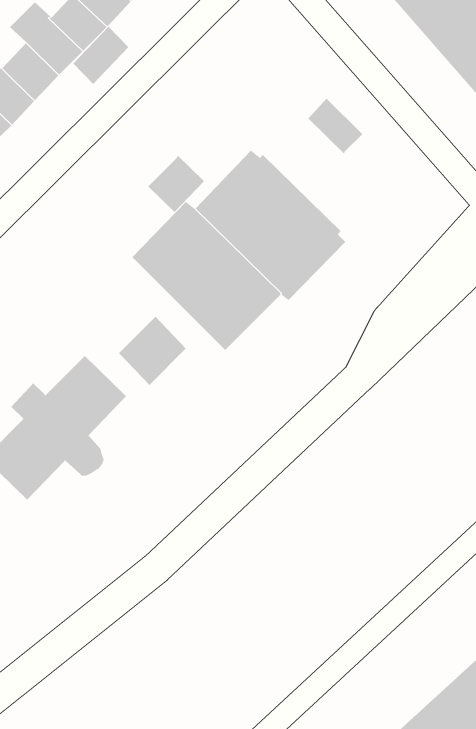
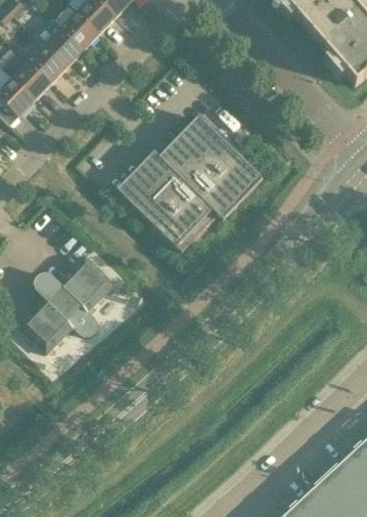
building: [73,26,129,85] -> none
building: [307,98,363,155] -> none
building: [148,155,205,213] -> none
building: [118,316,187,386] -> none

